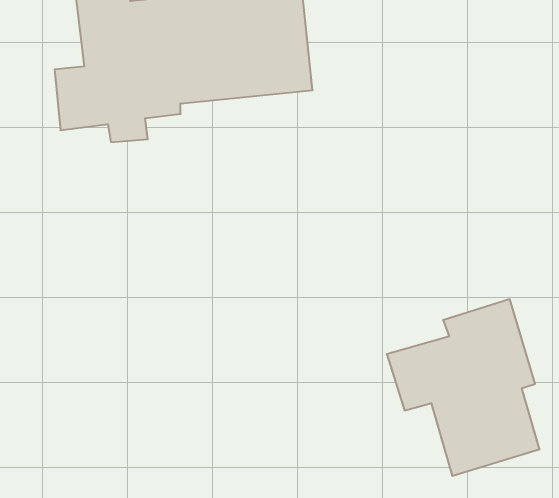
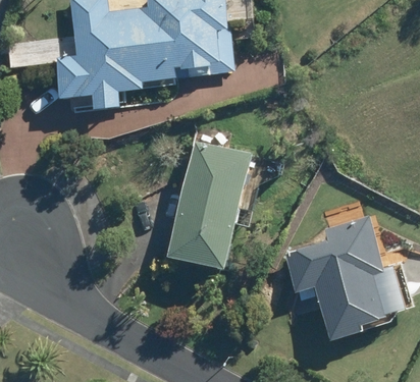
building: none -> [170,142,249,268]

